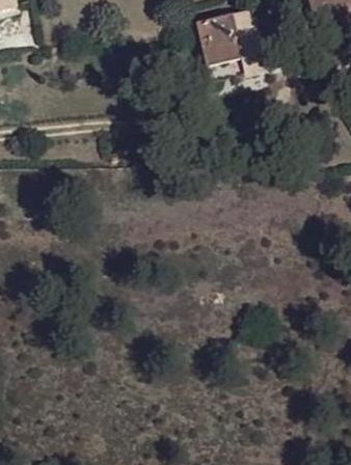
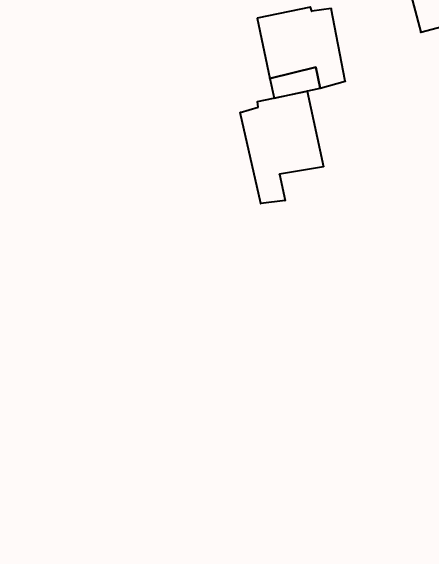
building: none -> [240,91,323,204]

